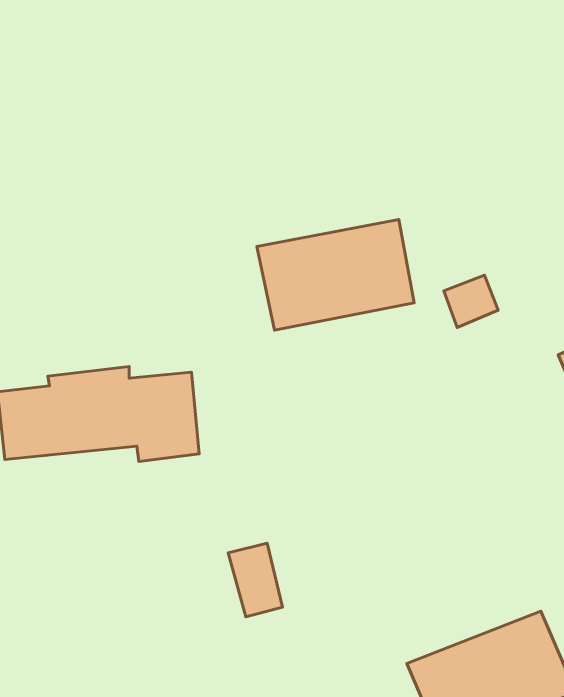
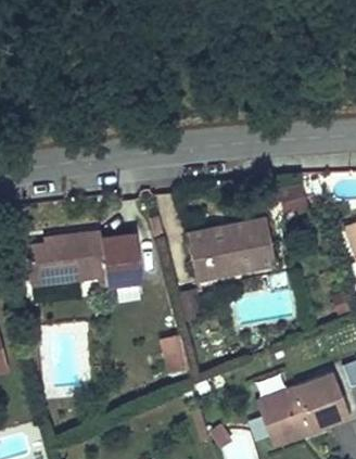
building: [257,219,414,330] -> [189,219,277,281]

